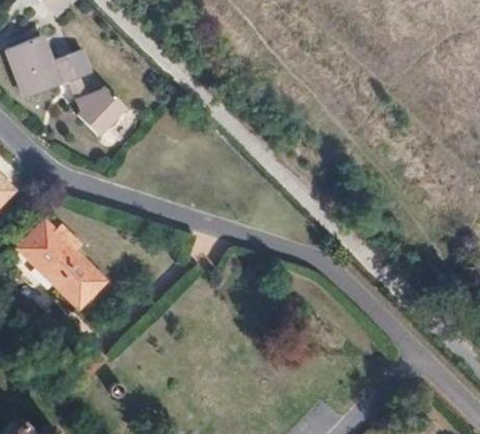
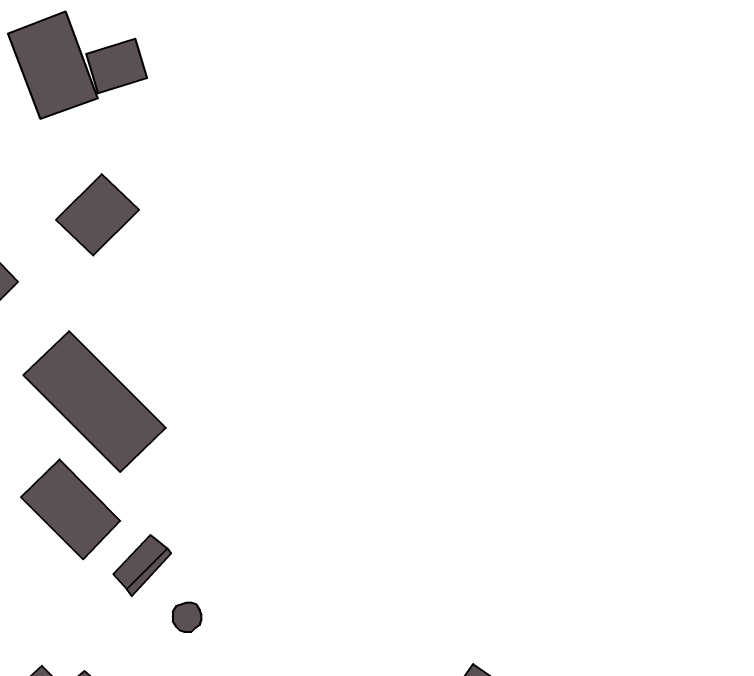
building: [76,80,127,130] -> [56,174,139,256]
building: none -> [21,459,120,559]

